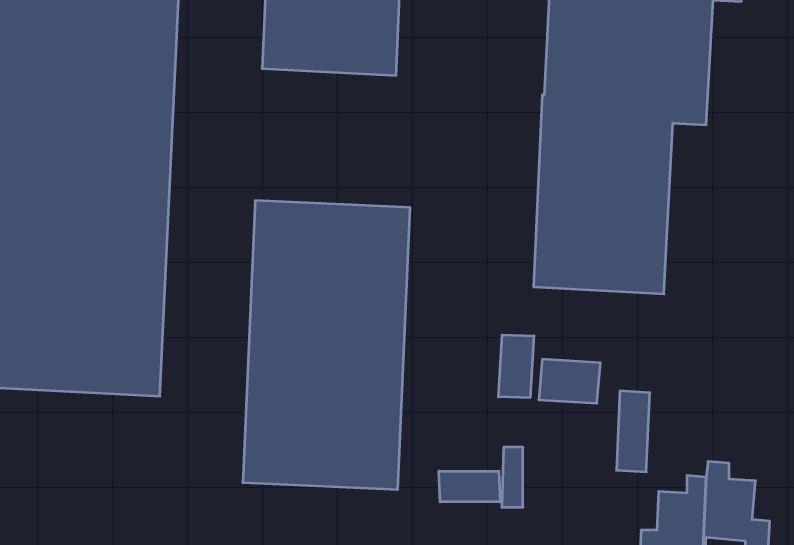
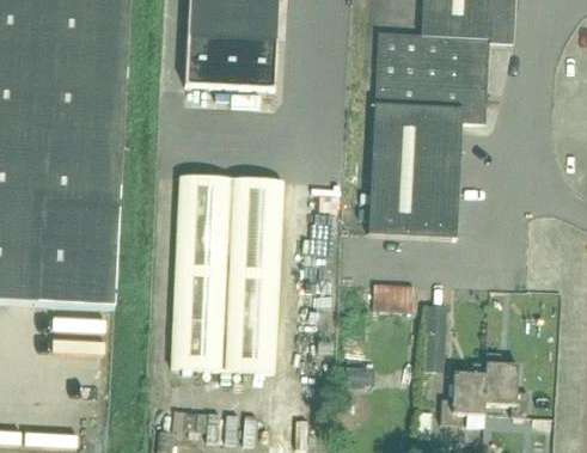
building: [498,335,534,398] -> none
building: [439,471,500,502] -> none

